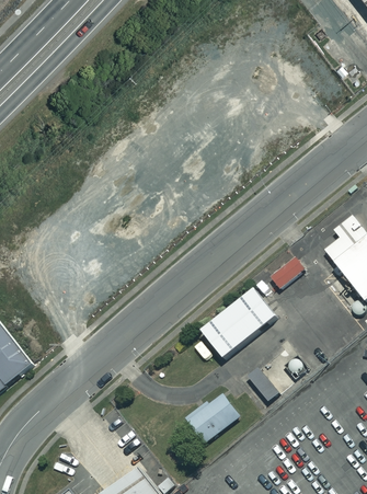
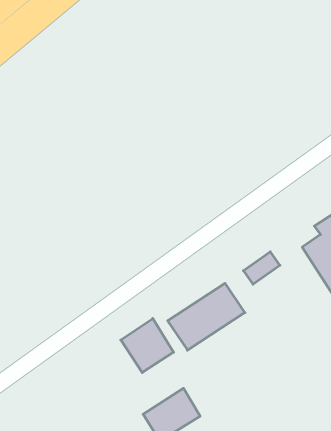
building: none -> [121,318,174,373]
building: [248,365,280,399] -> none

